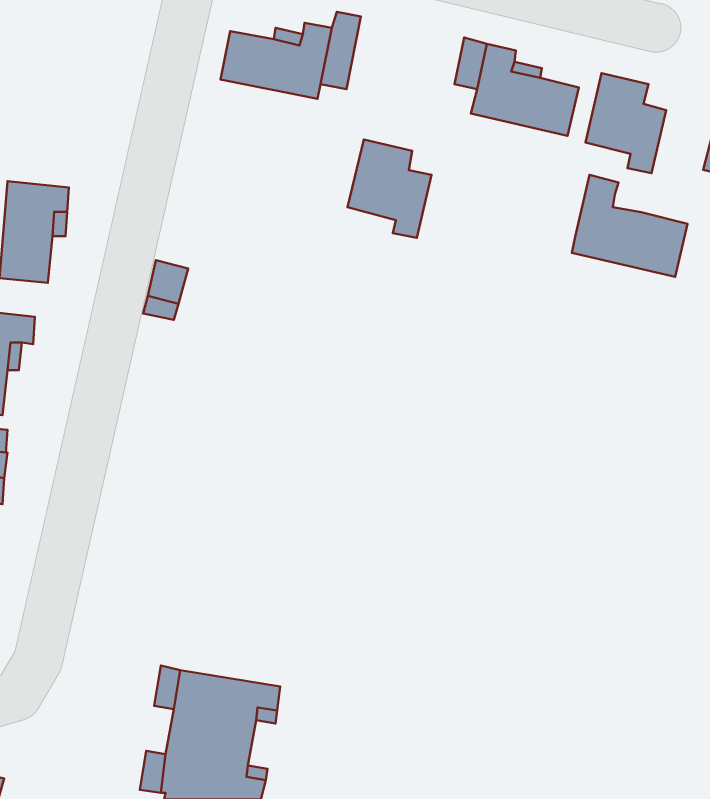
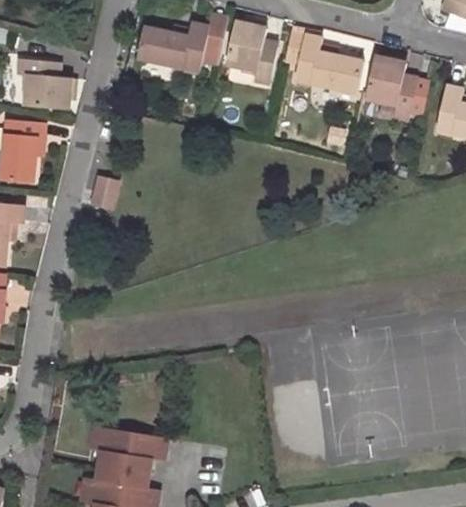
building: none -> [17,61,70,110]
building: [348,139,432,238] -> [222,21,274,82]
building: [572,175,687,277] -> none

